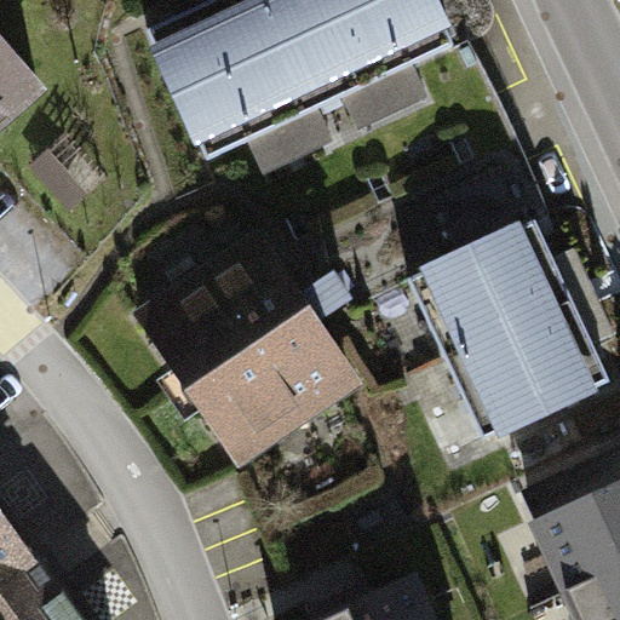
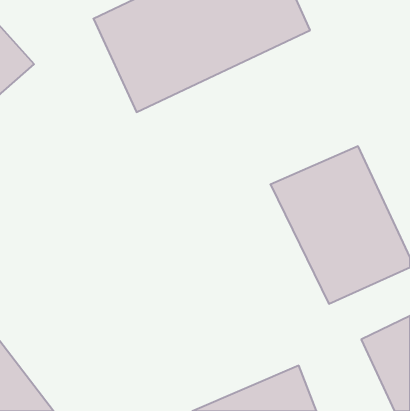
building: [127,230,366,472] -> none

